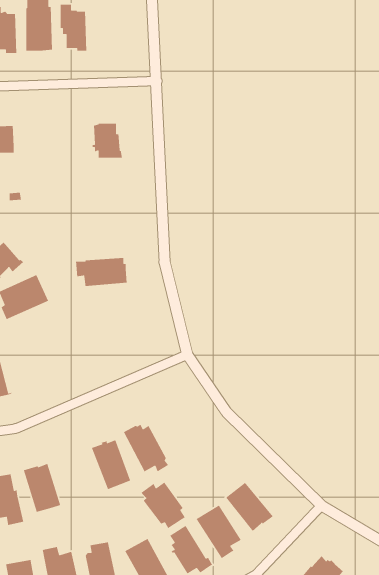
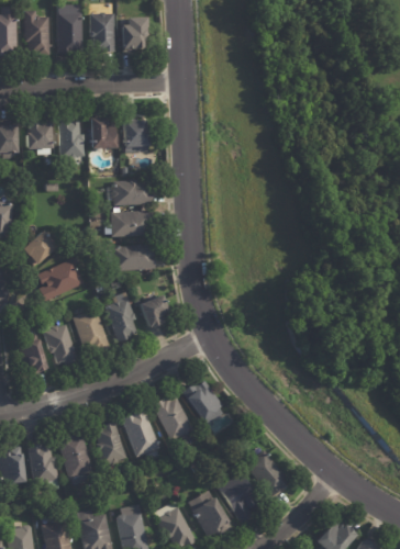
building: none -> [123,18,152,52]
building: none -> [88,117,114,148]
building: none -> [58,119,84,158]
building: none -> [111,179,151,205]
building: none -> [111,211,152,236]
building: none -> [105,291,137,341]
building: none -> [138,294,167,326]
building: none -> [71,309,108,351]
building: none -> [43,324,77,363]
building: none -> [93,421,125,467]
building: [141,482,186,529] -> [180,381,222,425]

